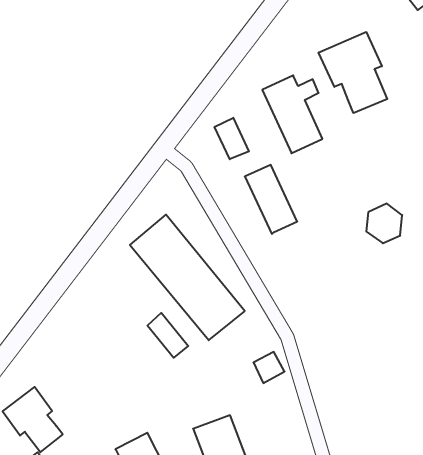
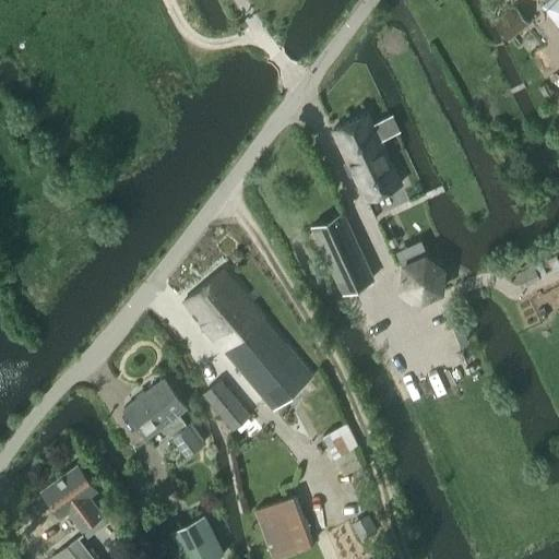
building: [319,32,387,113] -> none
building: [215,118,249,159] -> none
building: [366,203,402,243] -> [403,257,443,301]
building: none -> [124,380,204,460]

